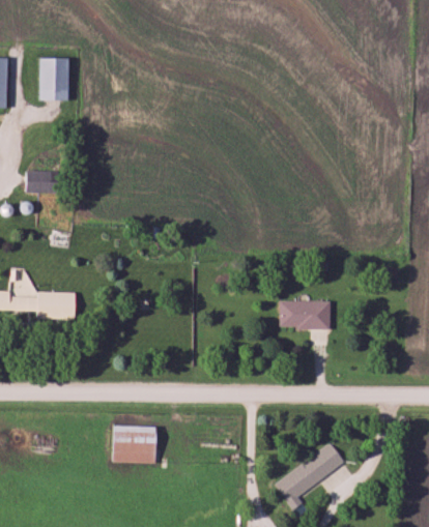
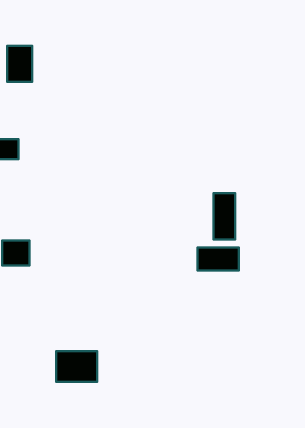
building: none -> [214,193,235,240]
building: [270,444,341,509] -> none

